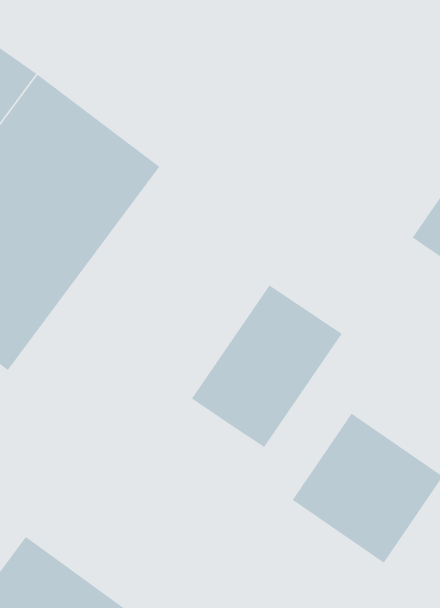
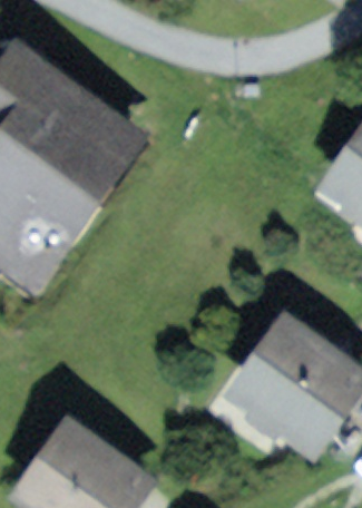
building: [191,285,343,448] -> none

